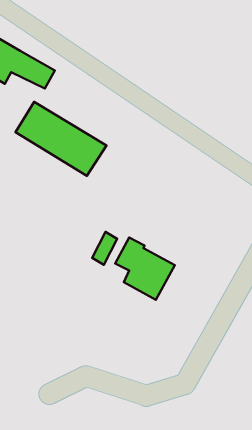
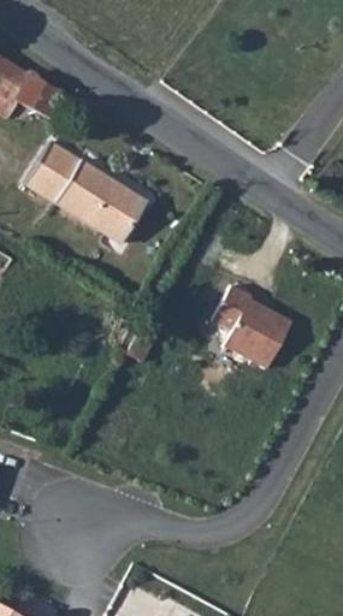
building: [115,238,175,300] -> [212,285,292,369]

